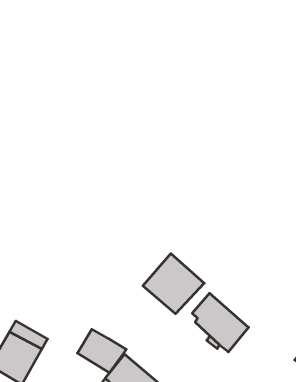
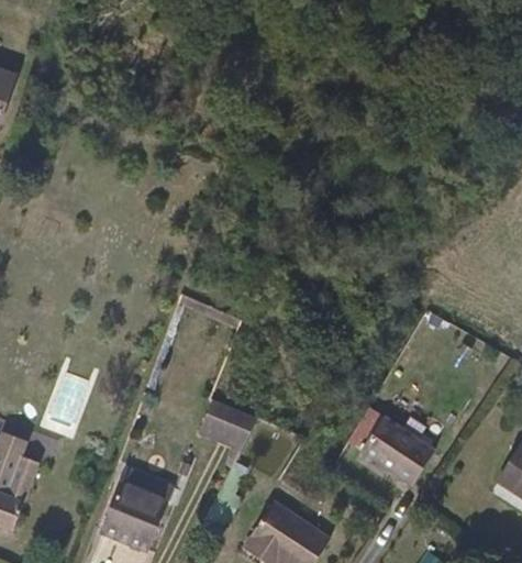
building: [143,254,204,314] -> none
building: [77,329,126,373] -> [191,405,255,459]

